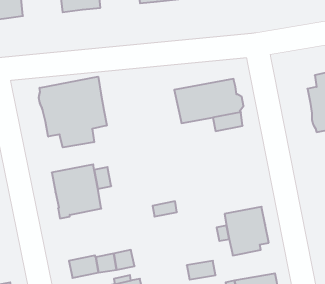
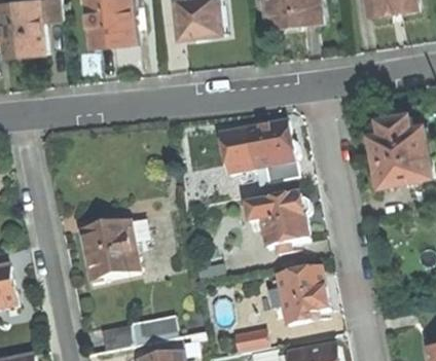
building: [39,77,107,147] -> none
building: none -> [245,192,308,246]

